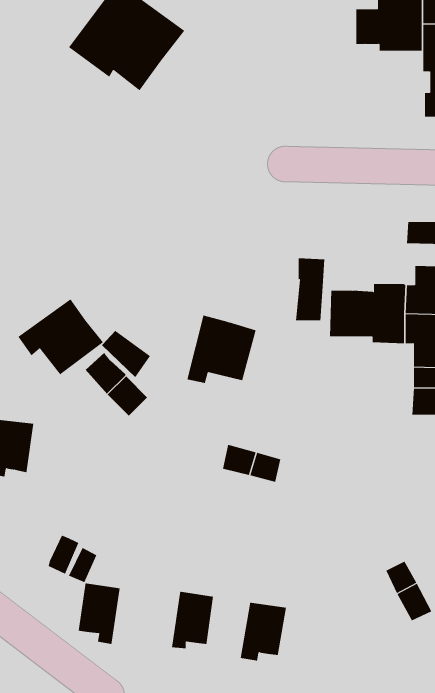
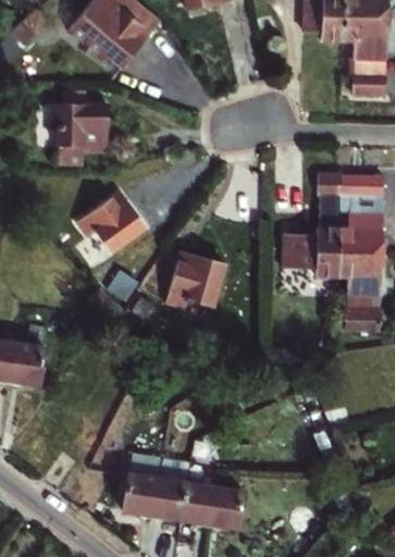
building: none -> [54,106,110,166]
building: [295,258,325,321] -> [317,176,341,226]
building: [17,298,104,375] -> [77,189,146,250]
building: [78,583,121,645] -> [126,466,160,515]
building: none -> [182,474,215,523]

